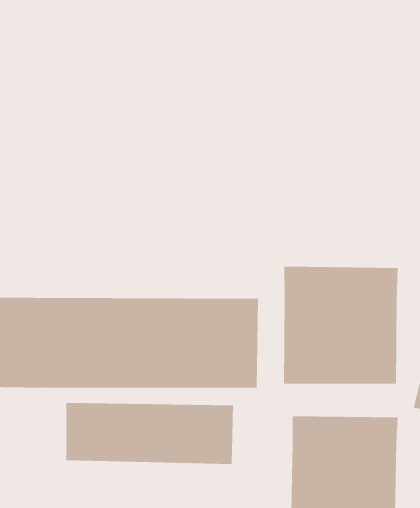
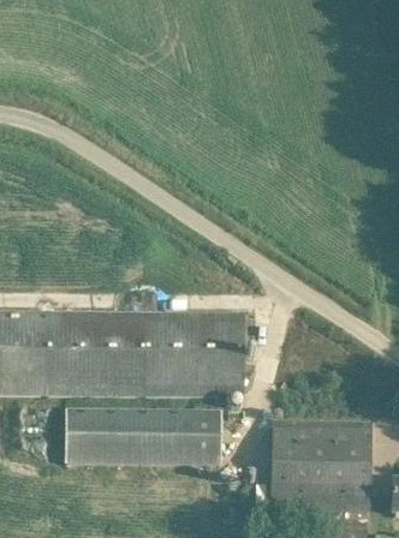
building: [283,266,398,385] -> none

